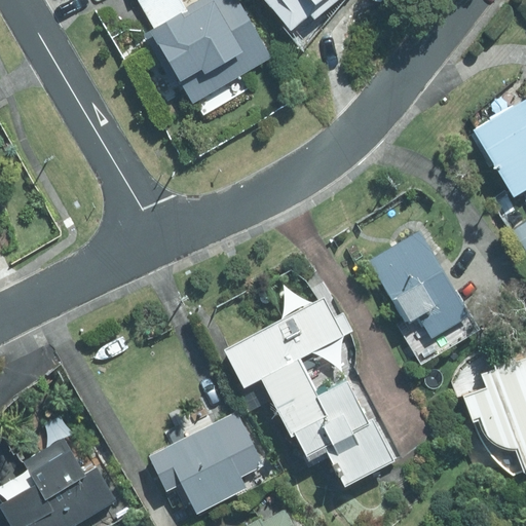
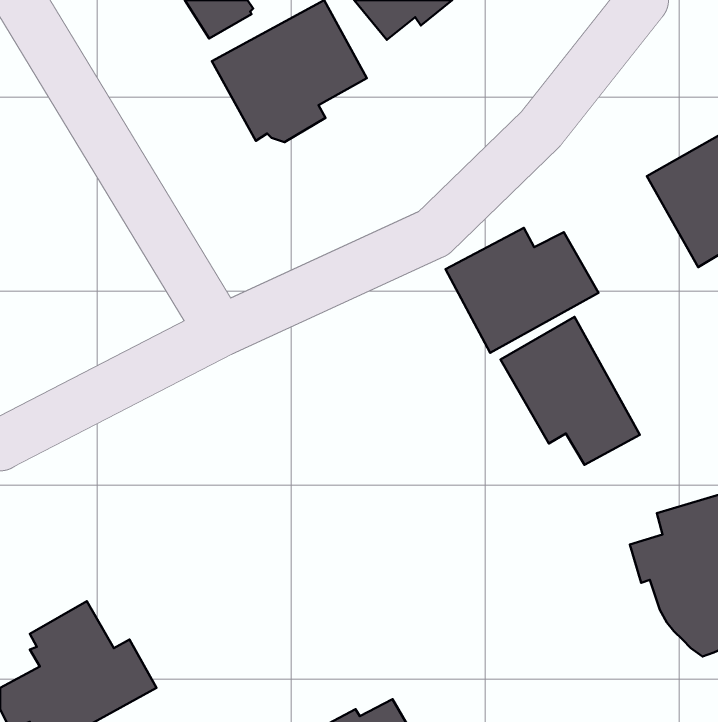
building: none -> [446,228,598,353]
building: [222,292,389,477] -> none
building: [167,417,264,509] -> none

